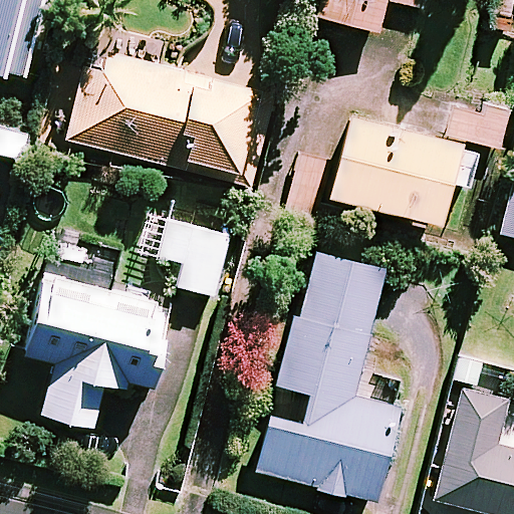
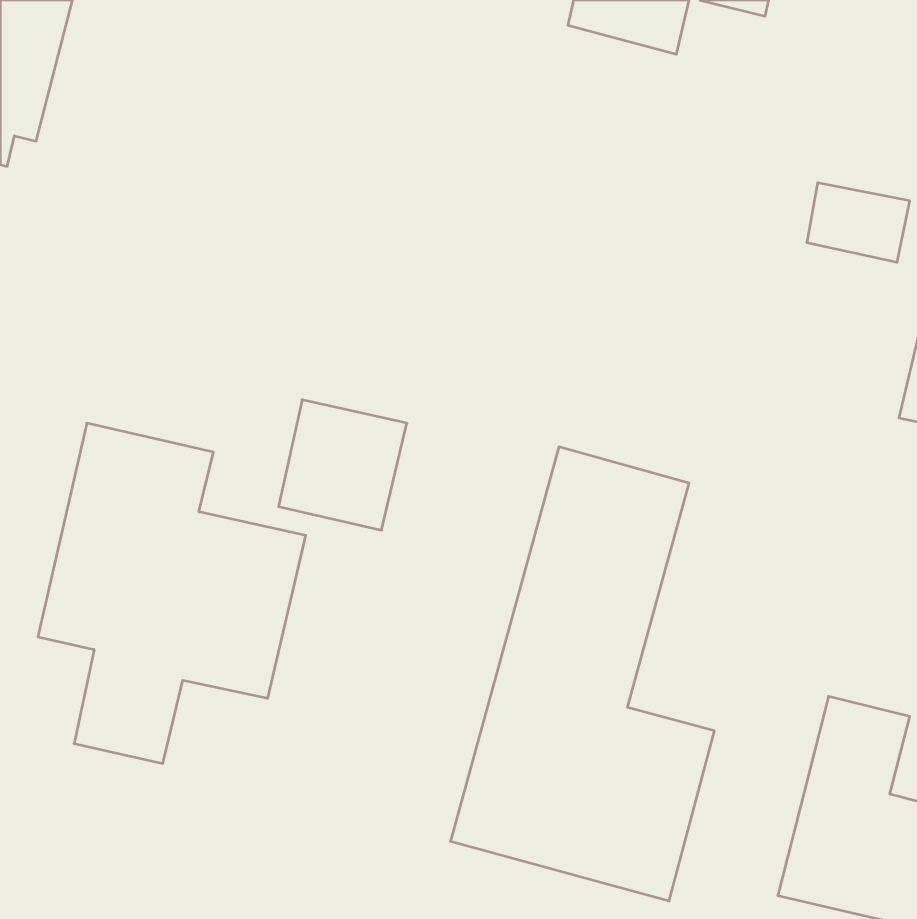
building: [60,39,258,172] -> none
building: [330,114,460,224] -> none

